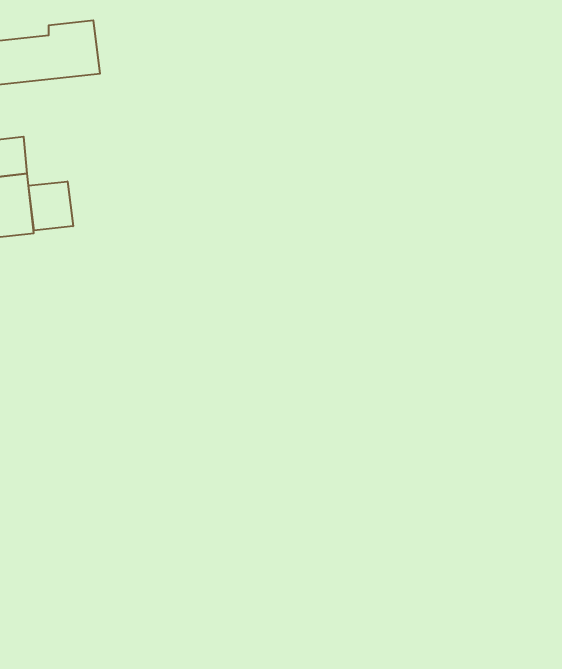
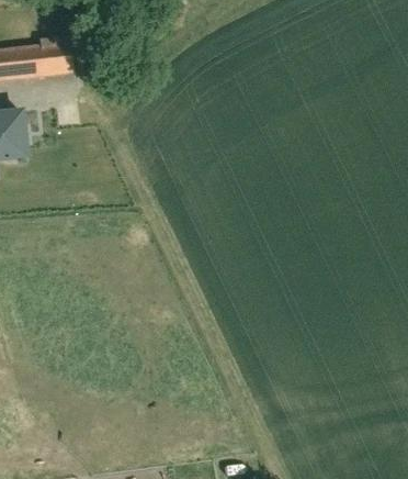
building: [28,181,73,231] -> none

